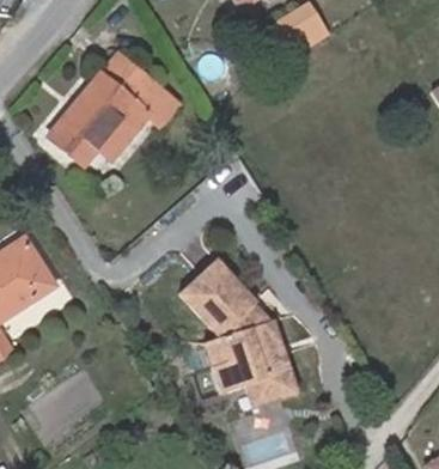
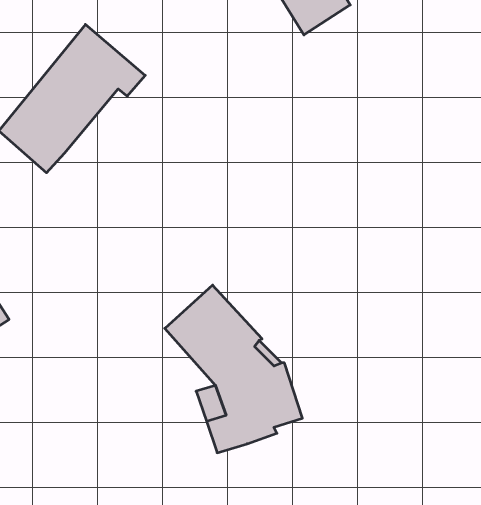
building: [98,90,181,164] -> none
building: [244,364,298,407] -> none

